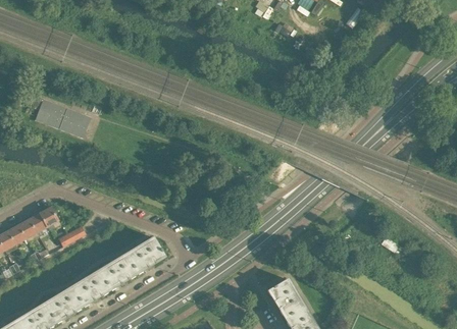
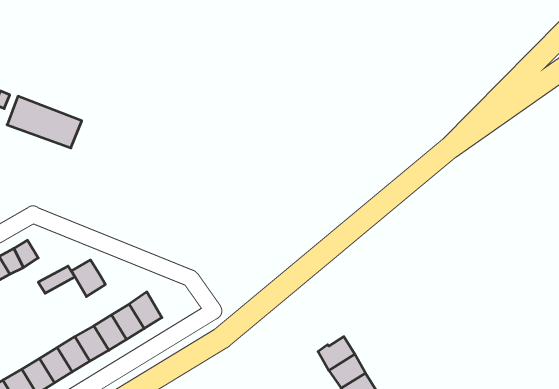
building: [139,236,164,264] -> [71,260,105,297]

